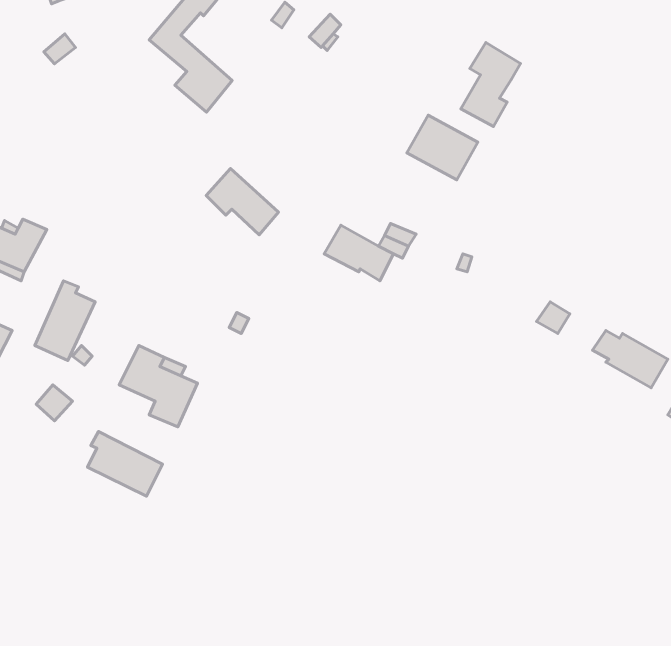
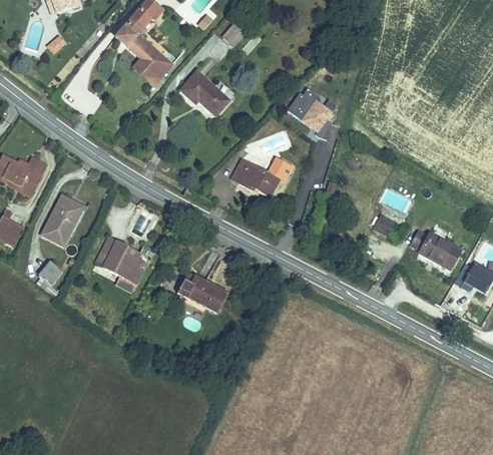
building: [461,43,520,126] -> none
building: [206,168,279,235] -> [180,70,228,114]
building: none -> [184,276,225,309]
building: [88,431,163,496] -> none

